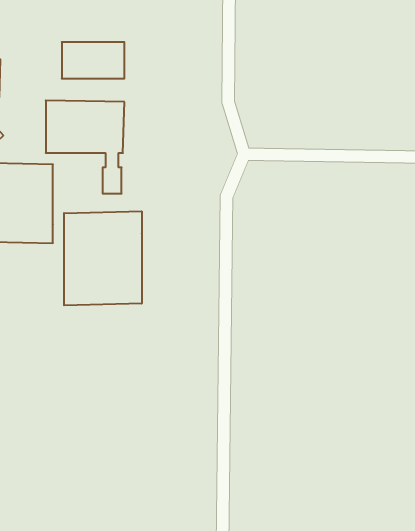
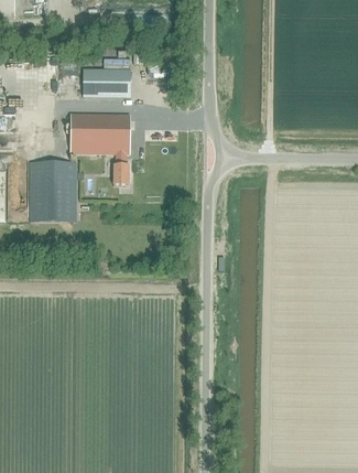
building: [64,211,142,305] -> none

